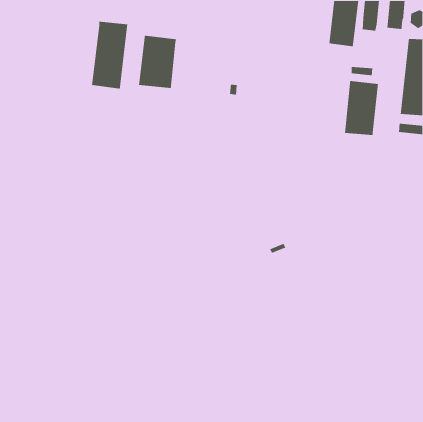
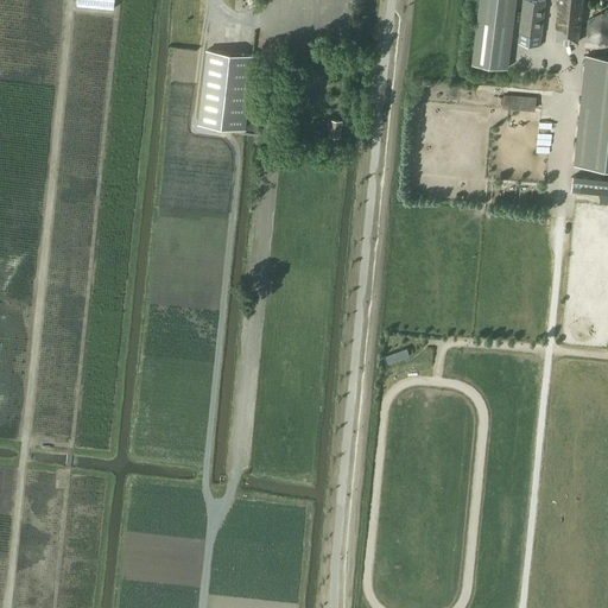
building: [91,21,128,90] -> none
building: [344,80,379,136] -> none

